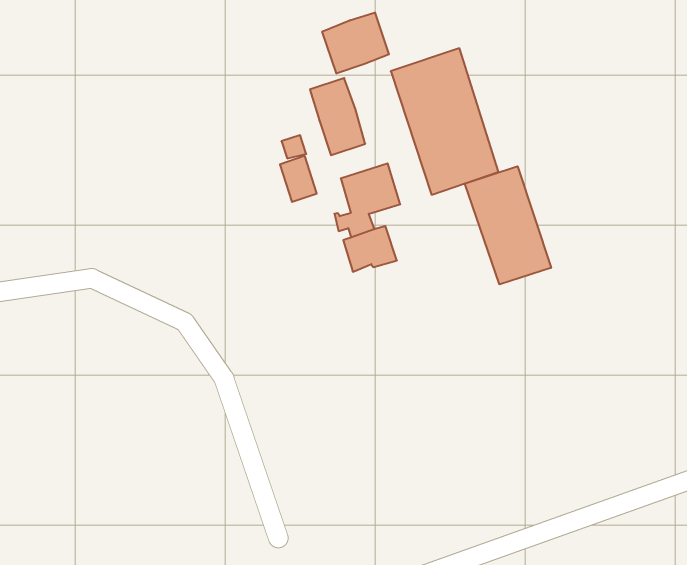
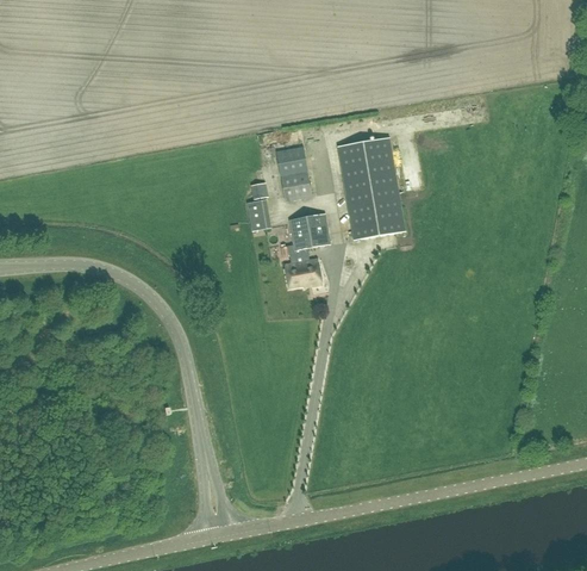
building: [322,12,389,73] -> none
building: [465,166,551,284] -> none

